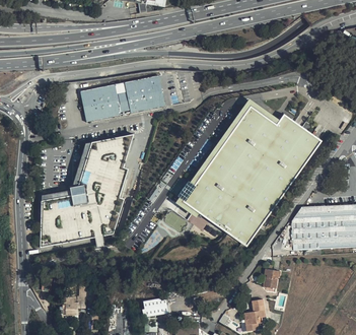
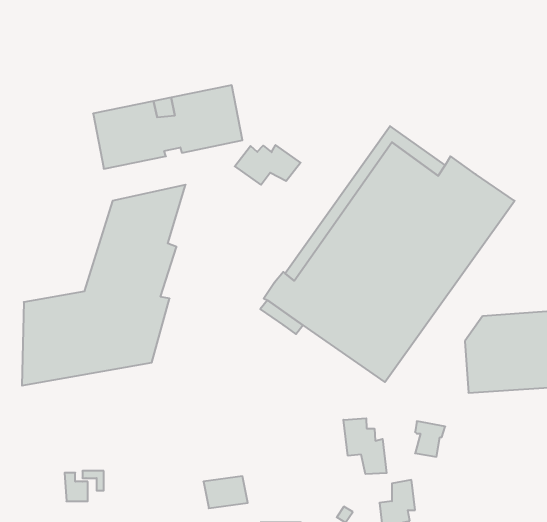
building: none -> [235,145,301,185]
building: none -> [343,418,387,474]

